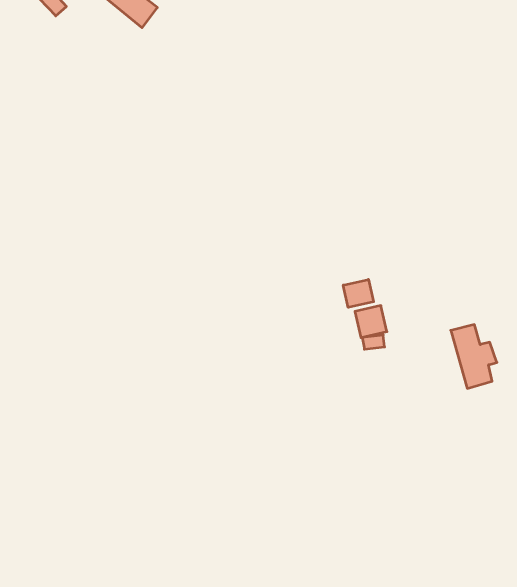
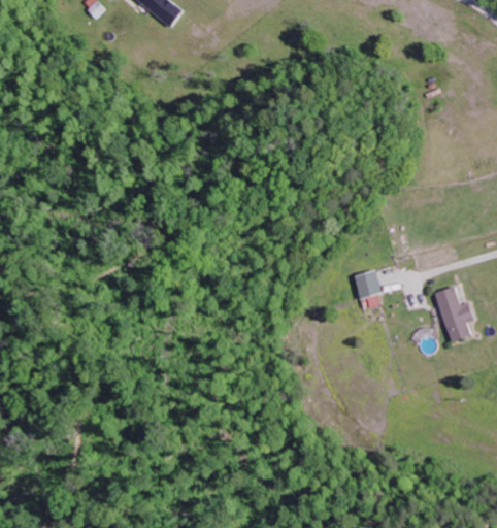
building: [343,279,374,307] -> none

